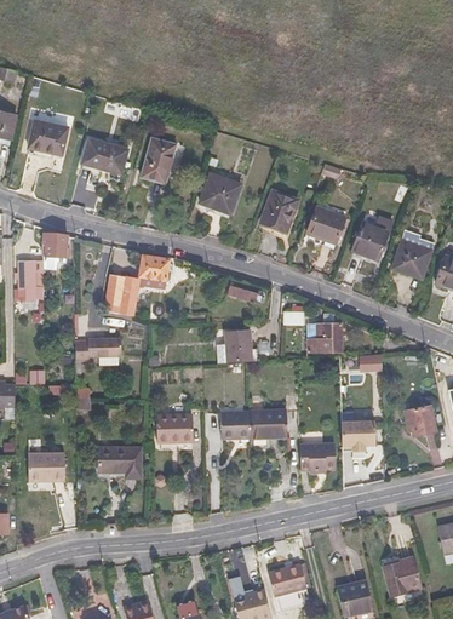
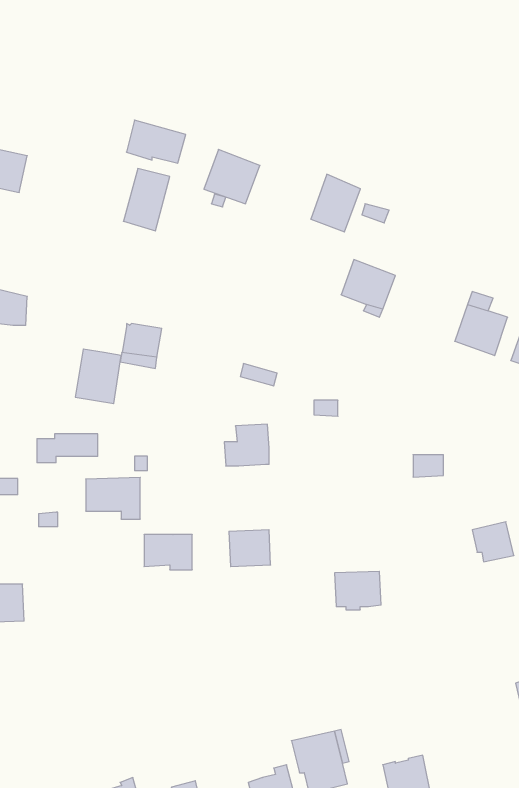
building: [82,138,127,171] -> [126,120,186,163]
building: [199,172,241,213] -> [204,149,260,204]
building: [260,189,298,233] -> [311,174,360,232]
building: [350,222,390,260] -> none
building: [308,322,342,351] -> none
building: [251,409,287,437] -> none
building: [342,419,377,457] -> none
building: [99,446,141,477] -> [86,477,140,519]
building: [383,557,420,595] -> none

